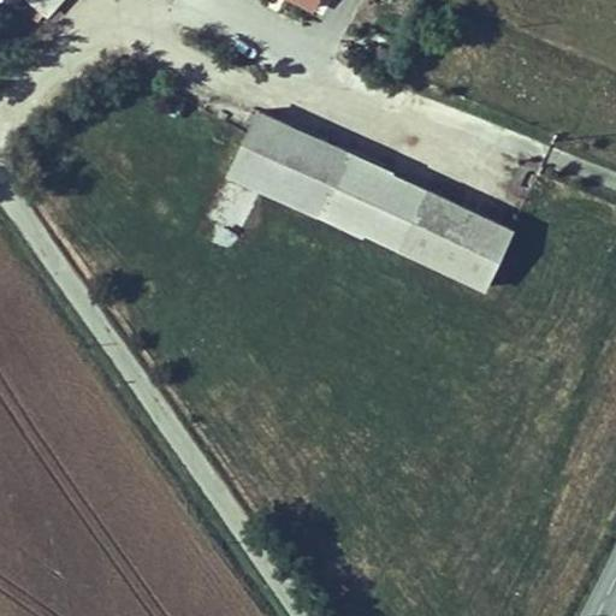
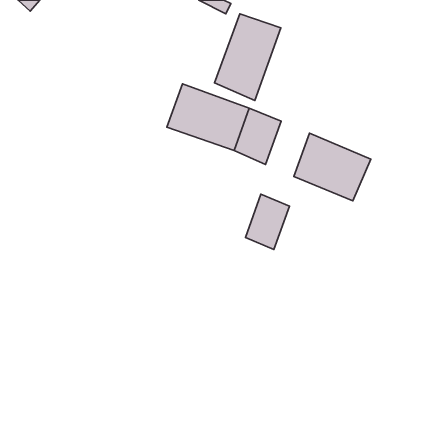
building: none -> [214,14,281,100]
building: [369,176,431,253] -> [245,194,289,250]

